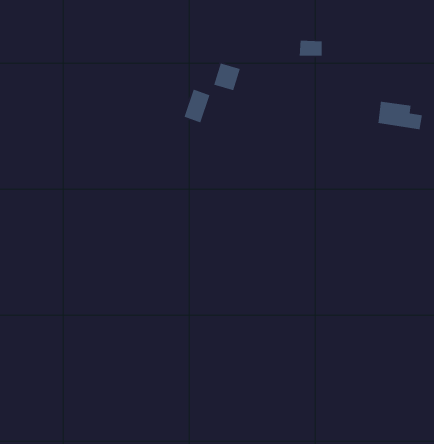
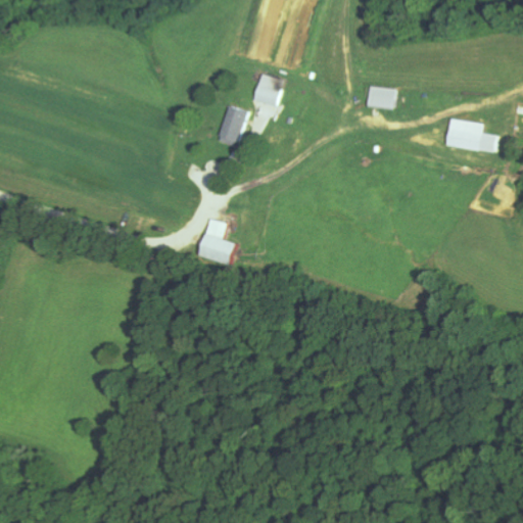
building: [299,40,322,56] -> [367,87,394,106]
building: none -> [200,220,240,266]

